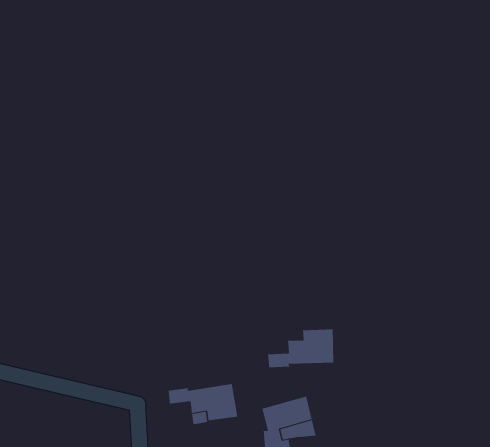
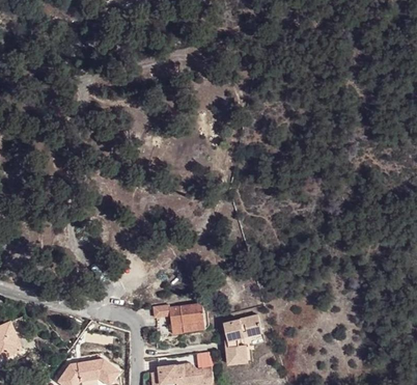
building: [268,328,334,368] -> none

